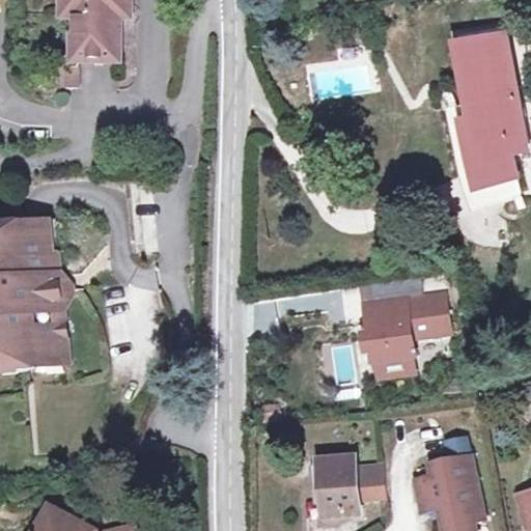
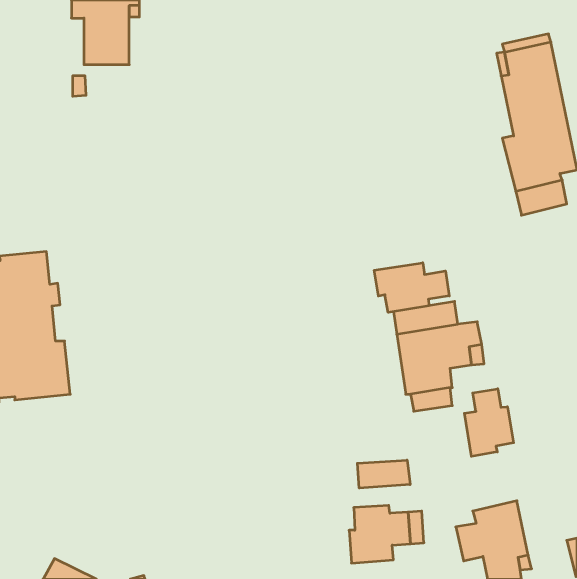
building: none -> [374,263,449,312]
building: none -> [464,389,514,456]
building: none -> [357,460,410,488]

